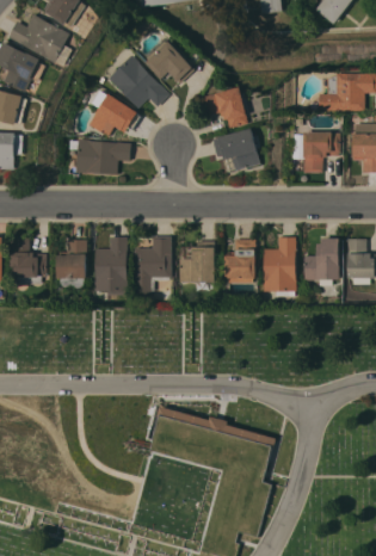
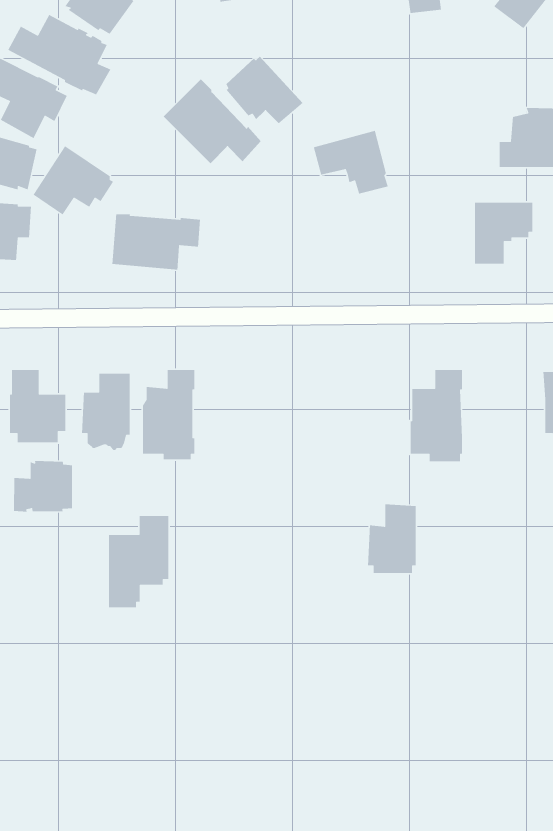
building: [87,92,138,136] -> [33,145,114,216]
building: [212,126,261,169] -> none
building: [132,235,171,294] -> [108,515,169,608]
building: [223,237,254,282] -> [367,504,417,574]
building: [302,237,339,282] -> none
building: [178,240,215,282] -> none
building: none -> [13,460,73,513]

